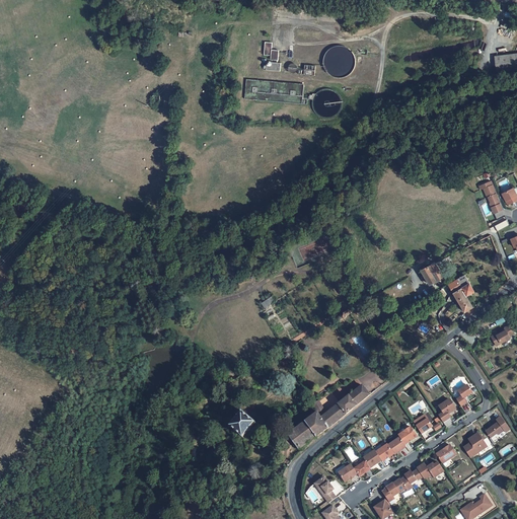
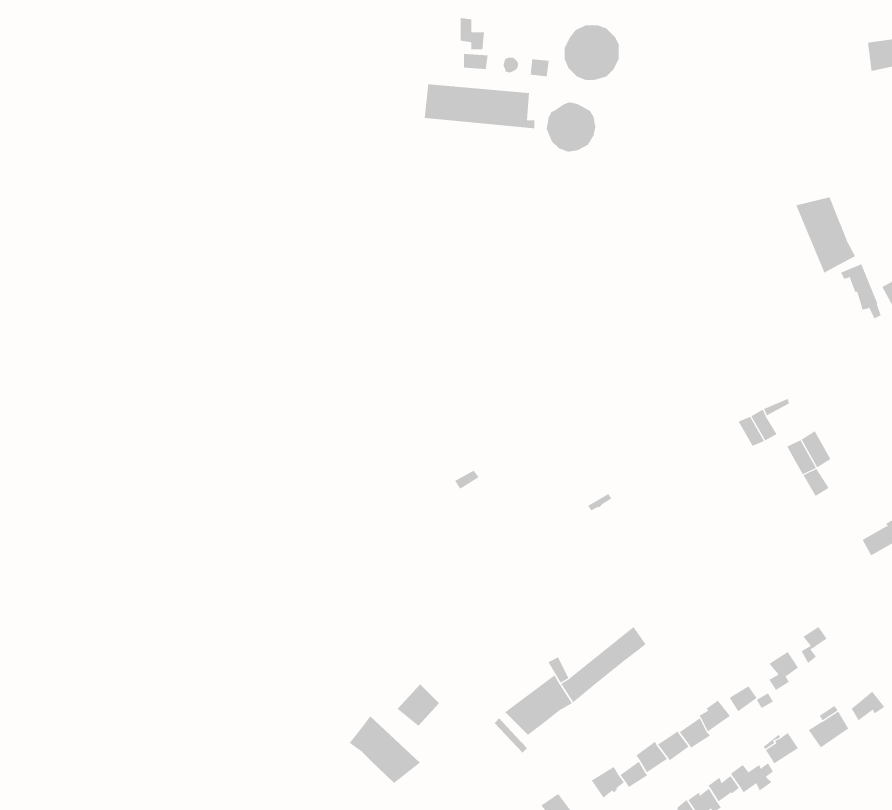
building: none -> [796,197,856,273]
building: none -> [349,716,421,784]

